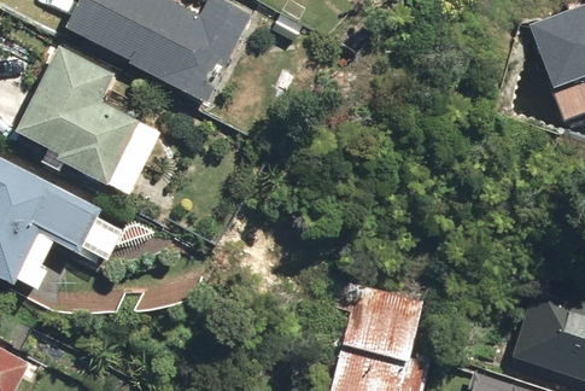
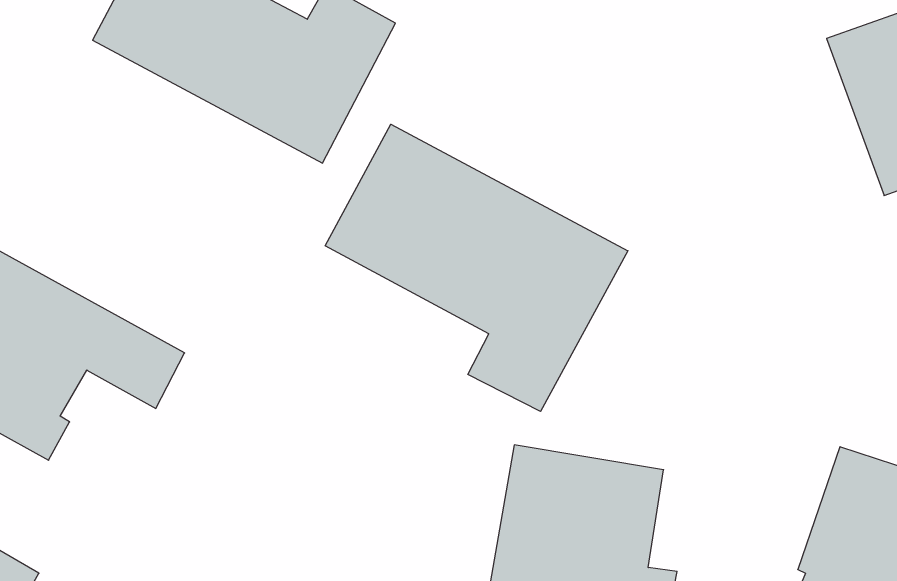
building: [17,45,142,182] -> none
building: none -> [325,124,628,411]

